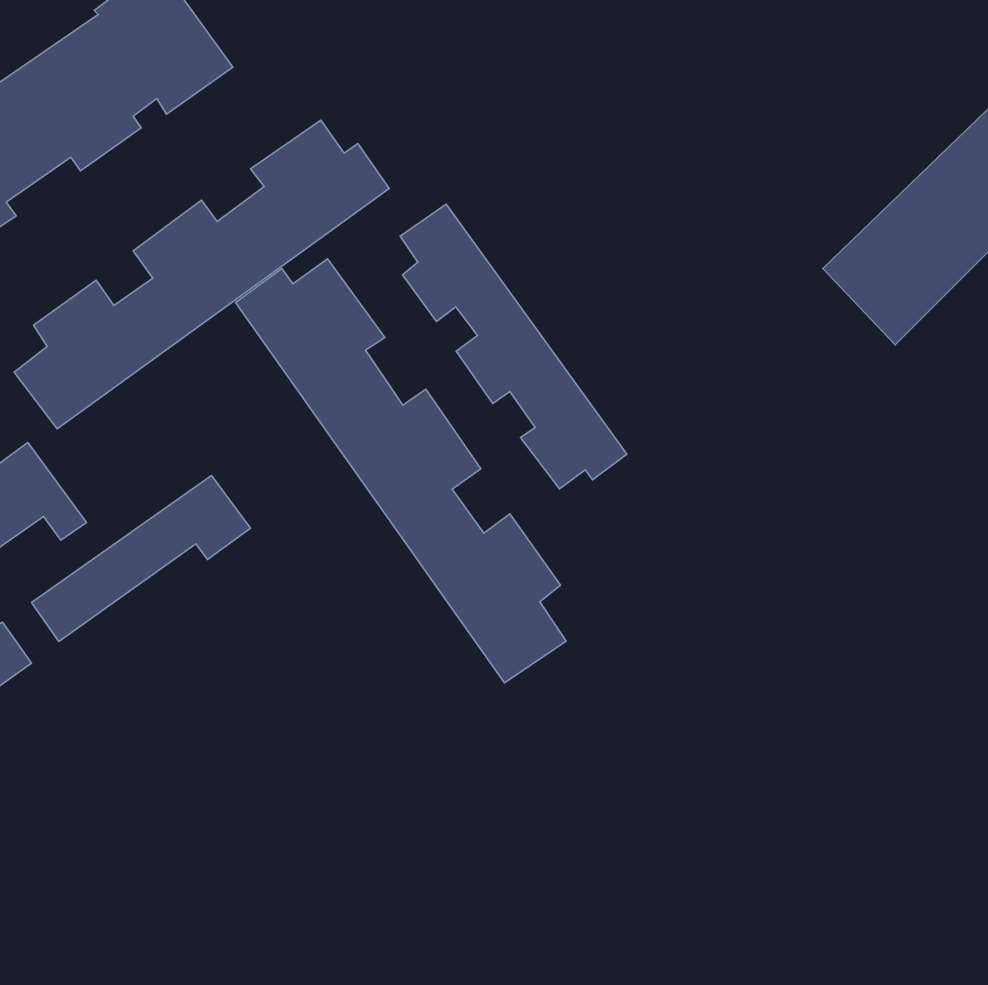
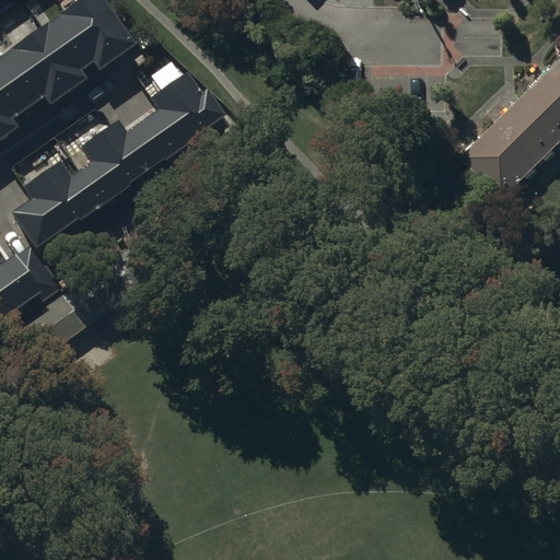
building: [400,204,627,489] -> none
building: [236,259,566,683] -> none

